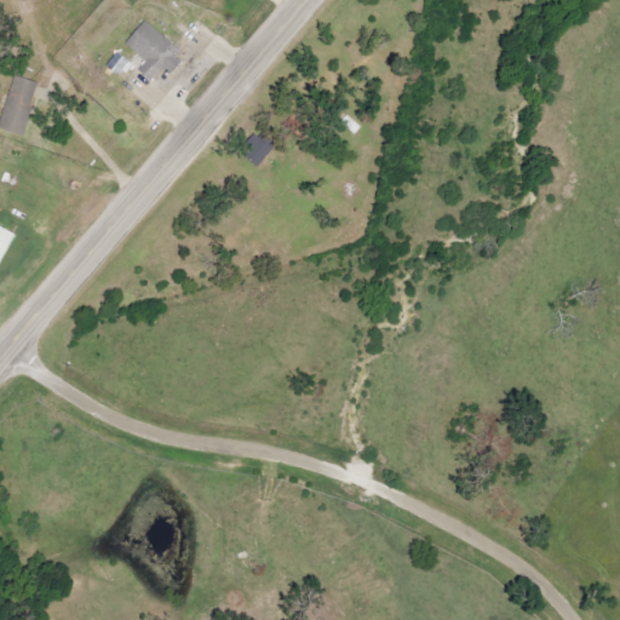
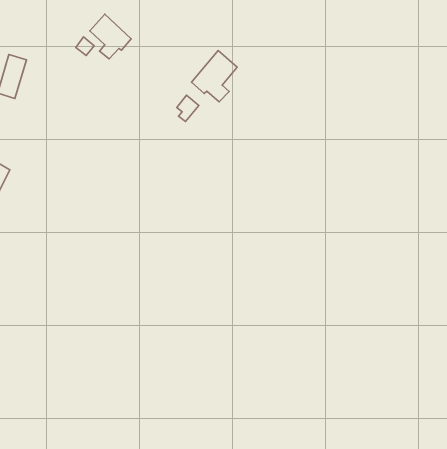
building: none -> [192,50,237,102]

